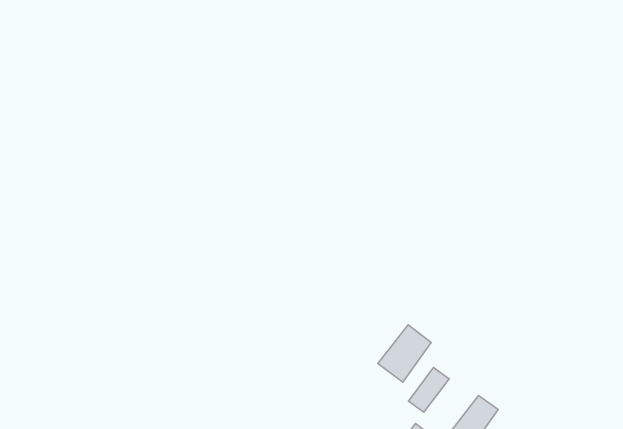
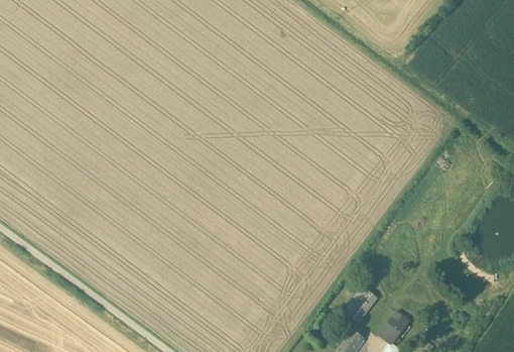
building: [378,325,431,382] -> none

